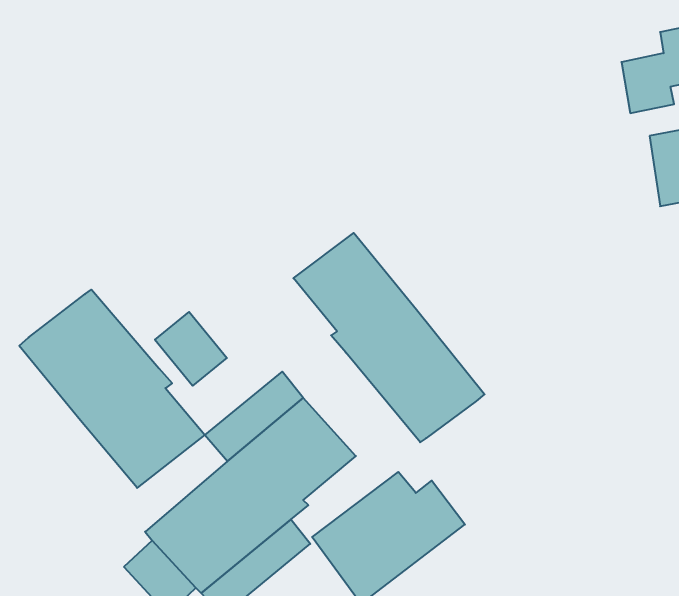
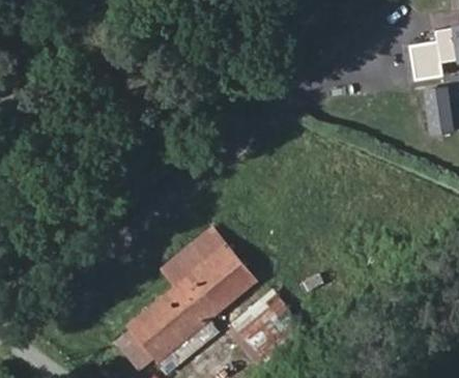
building: [293,233,485,442] -> none
building: [19,290,205,488] -> none
building: [155,312,227,386] -> none

